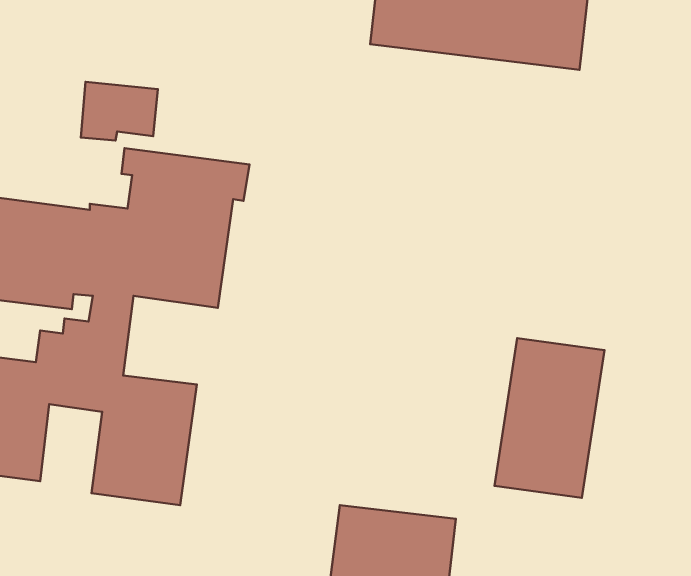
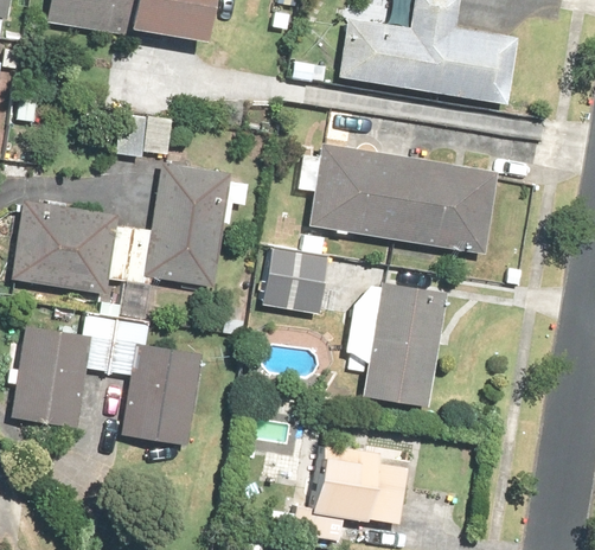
building: none -> [294,140,498,252]
building: none -> [263,235,327,313]
building: [495,338,604,498] -> [358,283,444,409]

